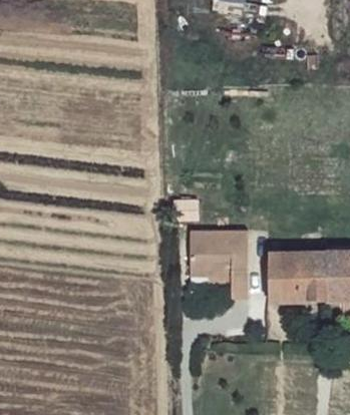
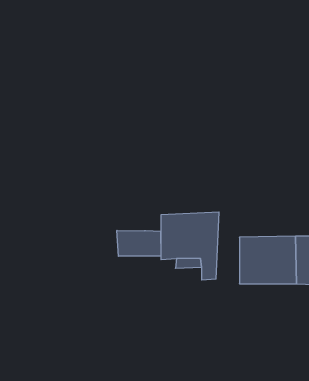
building: none -> [117,230,161,256]

